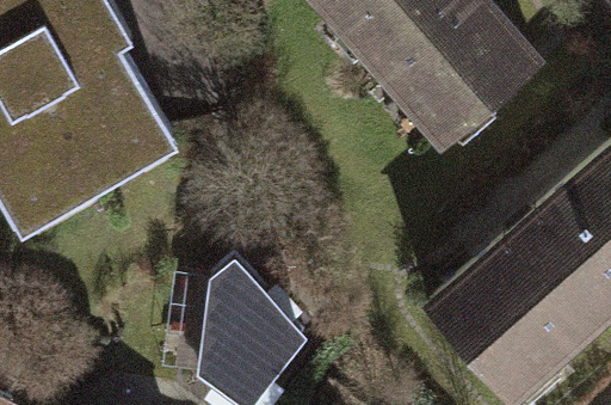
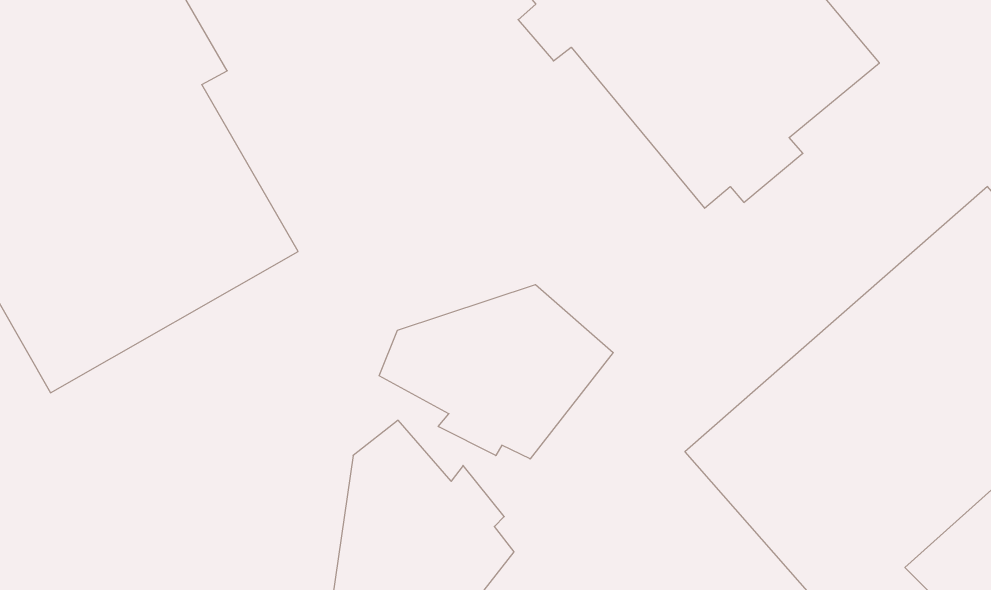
building: none -> [379,285,613,459]

